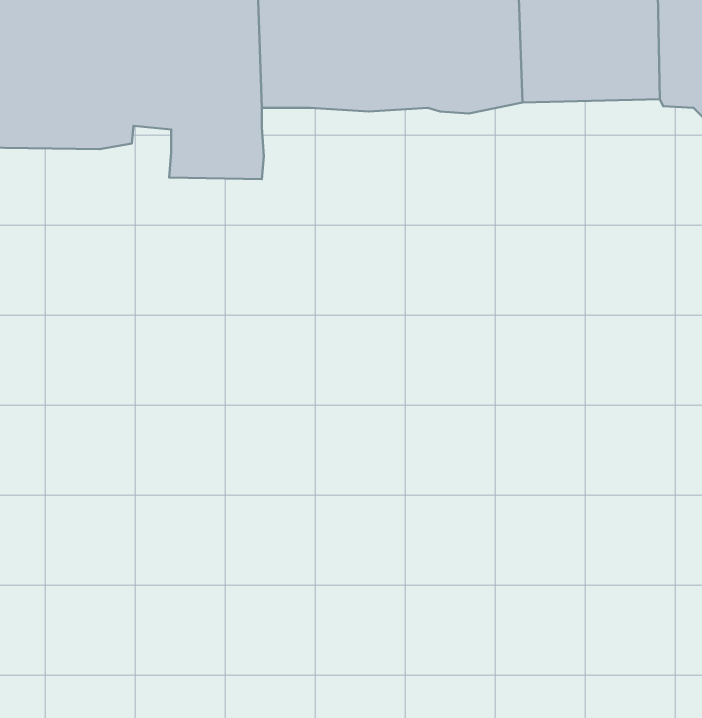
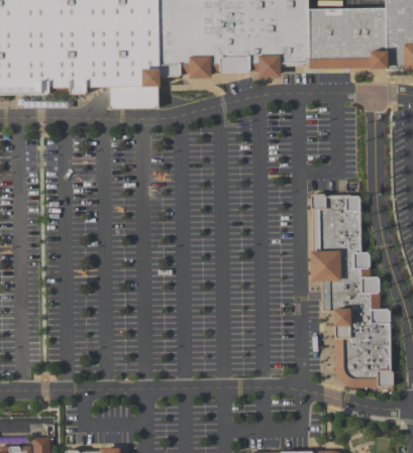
building: none -> [312,193,396,386]

